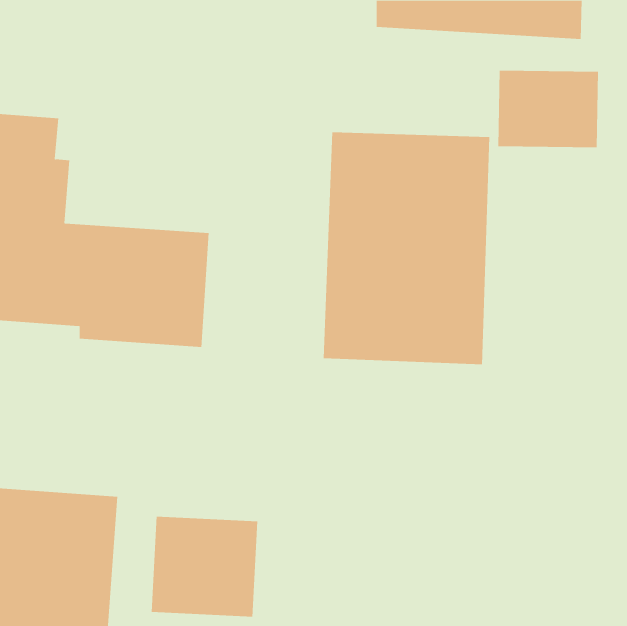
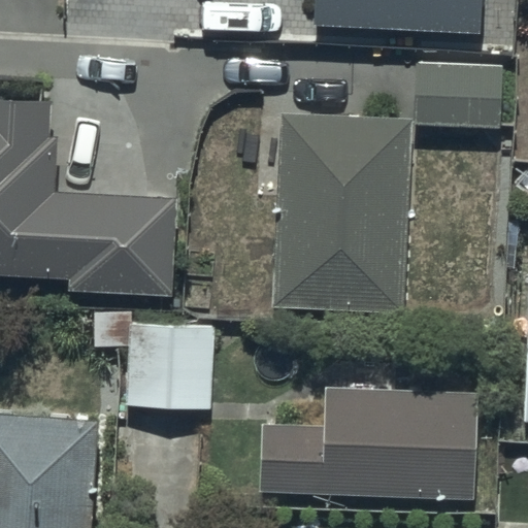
building: none -> [258,392,476,492]
building: [151,516,258,617] -> [124,328,213,412]

